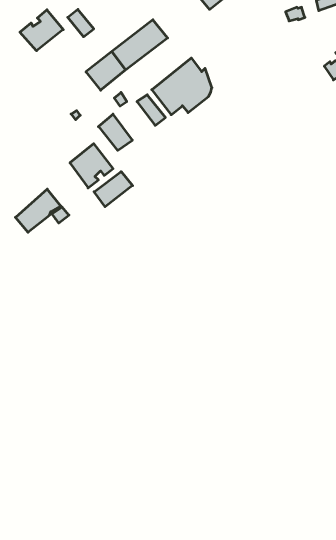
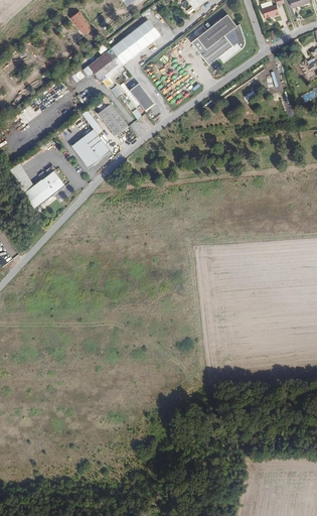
building: [20,10,63,51] -> none
building: [152,58,212,115] -> [191,14,245,64]
building: [94,172,133,207] -> none

